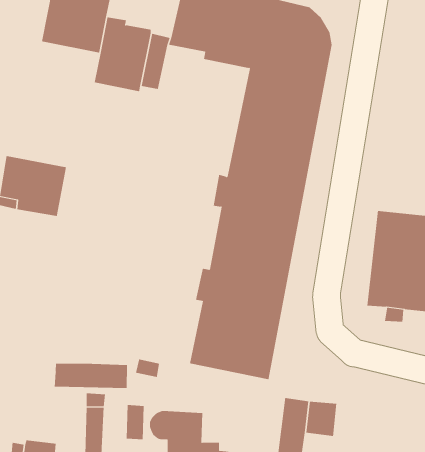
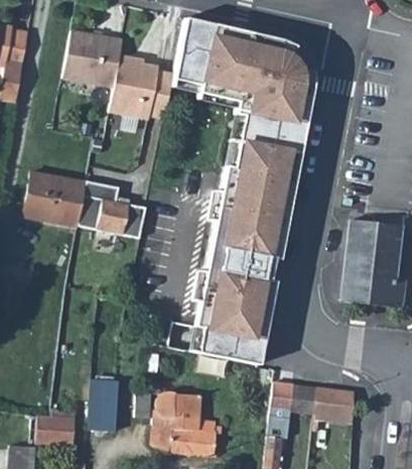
building: none -> [78,184,145,238]
building: [54,363,127,389] -> none
building: none -> [313,386,354,422]

